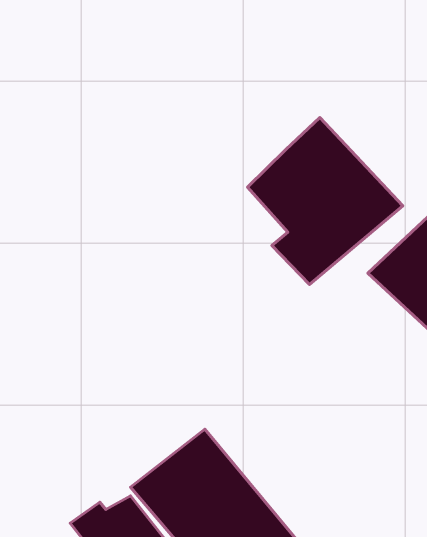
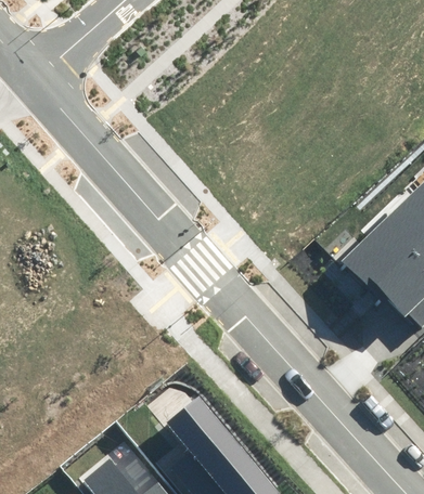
building: [247,117,403,285] -> none

